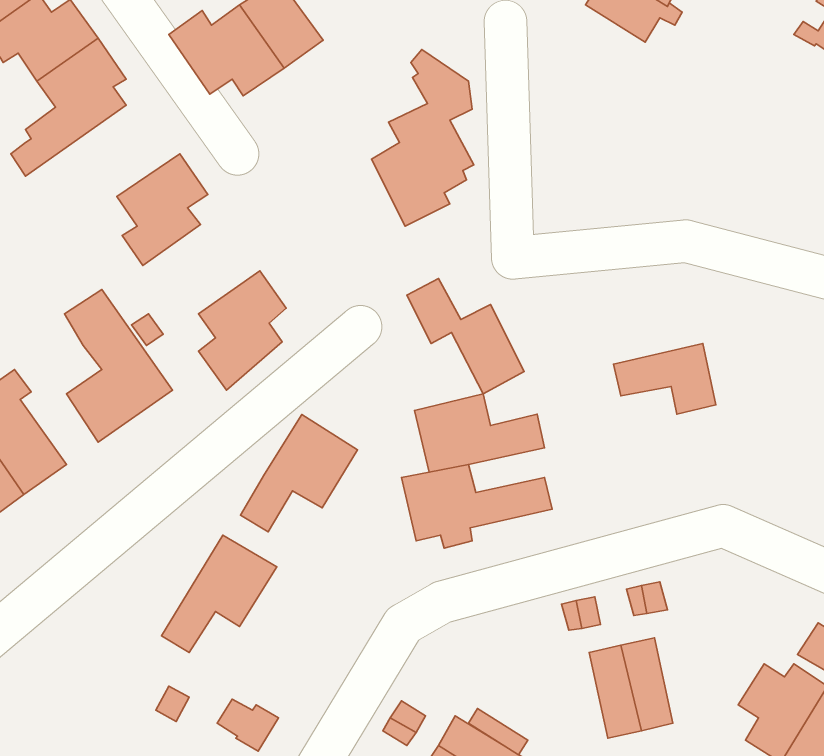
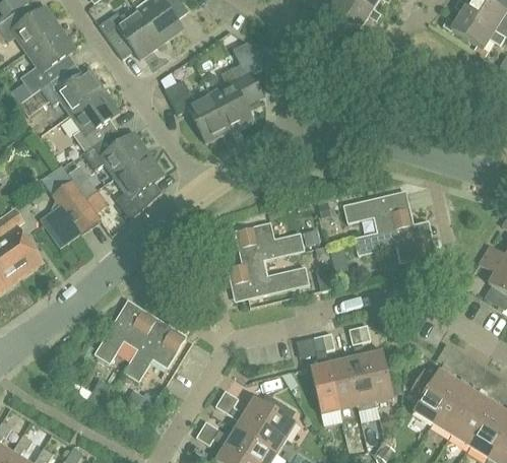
building: none -> [41,64,105,114]
building: none -> [82,129,148,178]
building: [407,278,524,394] -> [164,79,228,142]
building: none -> [353,220,436,263]
building: [240,415,358,532] -> [124,316,188,380]
building: none -> [361,342,393,401]
building: none -> [309,362,338,414]

